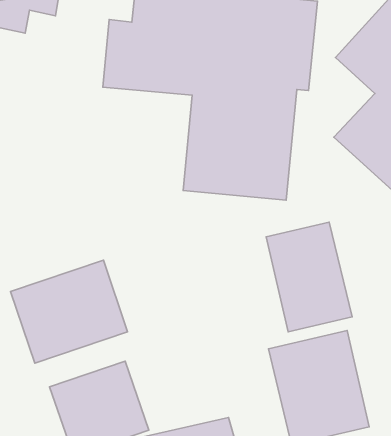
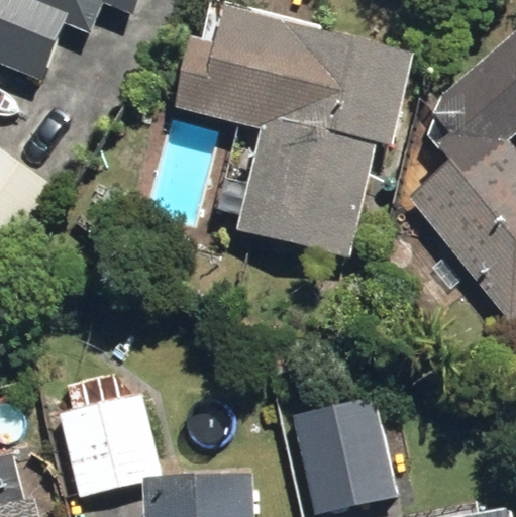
building: [266,222,352,332] -> none
building: [11,260,128,363] -> none

